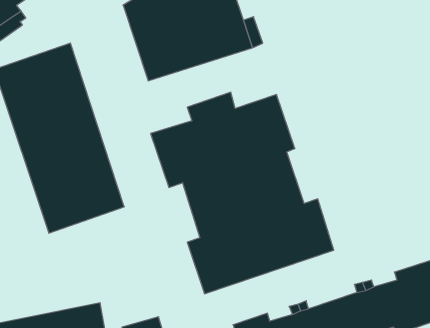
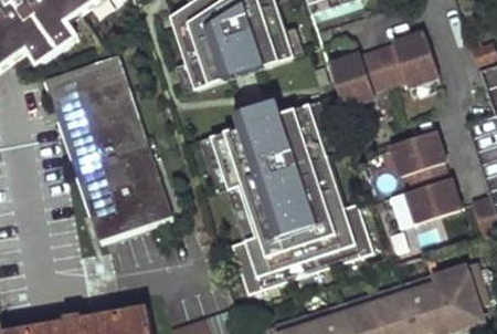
building: none -> [326,32,436,107]
building: none -> [390,128,459,220]

